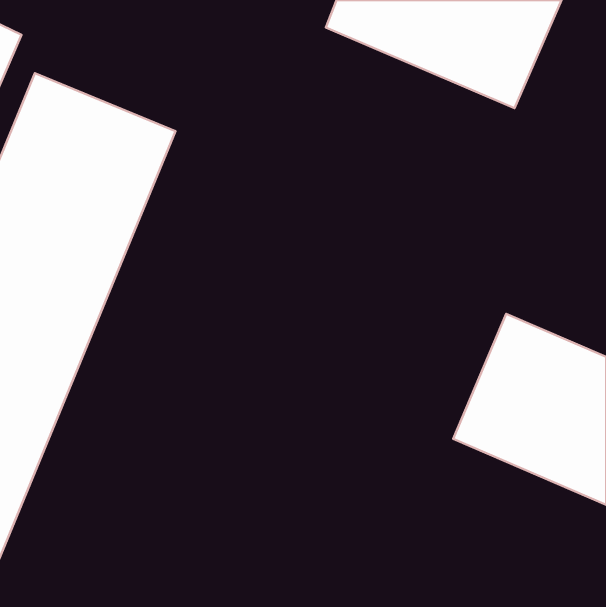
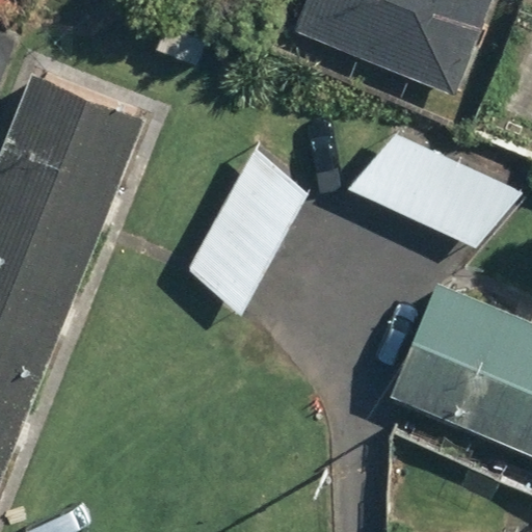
building: none -> [345,130,517,243]
building: none -> [184,149,308,317]

